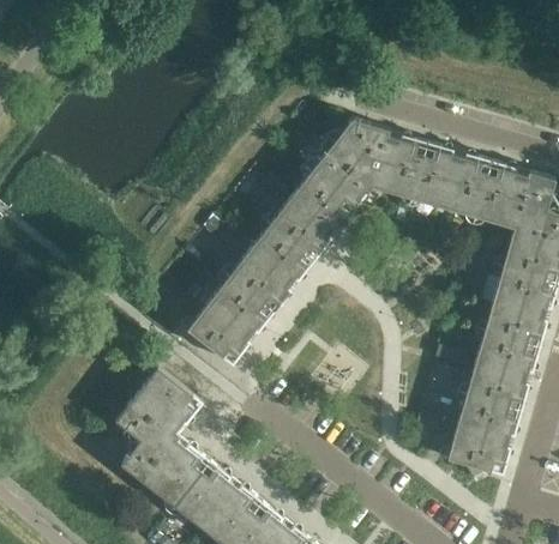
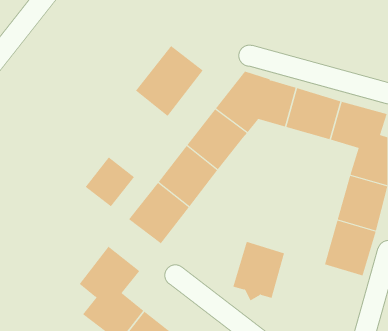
building: none -> [135,45,204,117]
building: none -> [85,157,135,207]
building: [445,394,519,479] -> [233,241,285,301]

